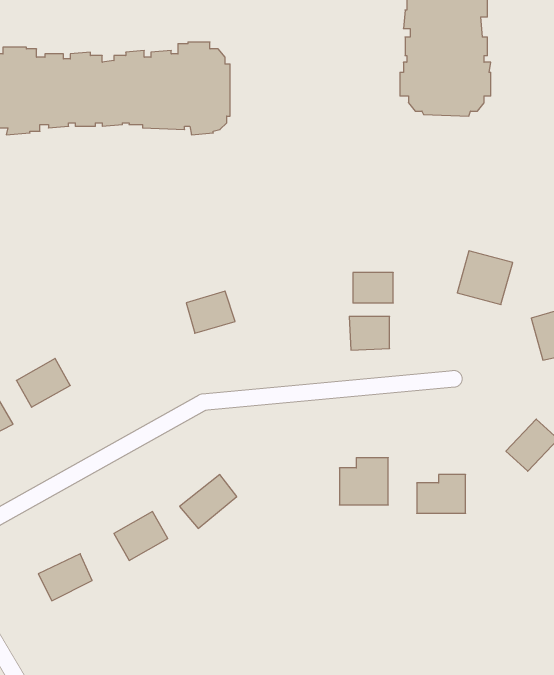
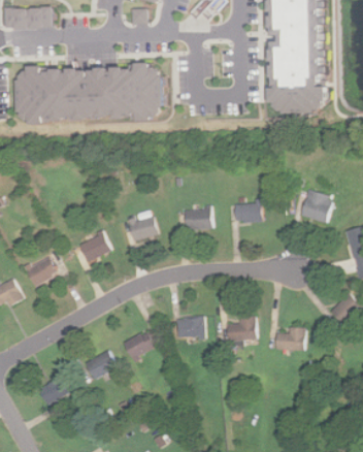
building: [349,316,390,350] -> [185,208,209,229]
building: none -> [80,232,112,262]
building: none -> [178,318,200,337]

